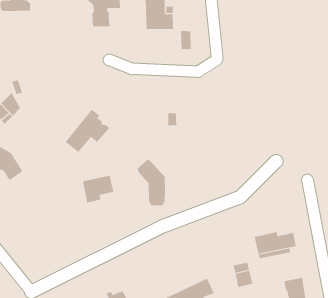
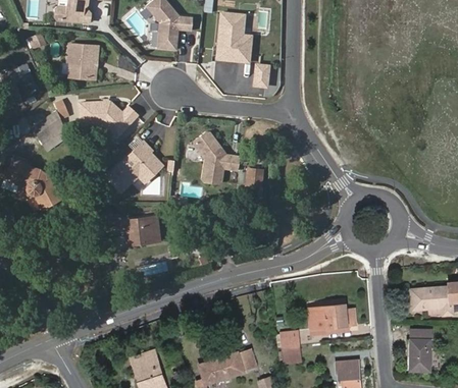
building: none -> [68,44,98,79]
building: none -> [75,107,134,141]
building: none -> [244,167,262,195]
building: [137,160,166,206] -> [195,132,225,186]

